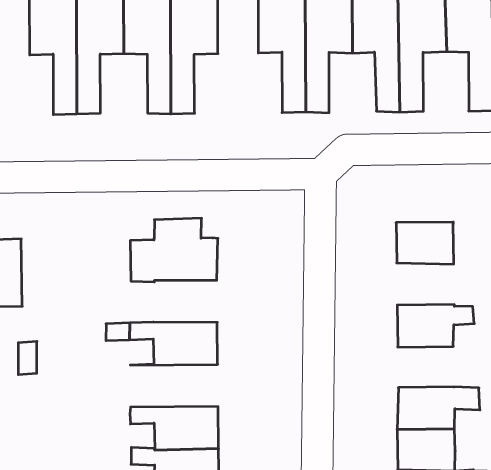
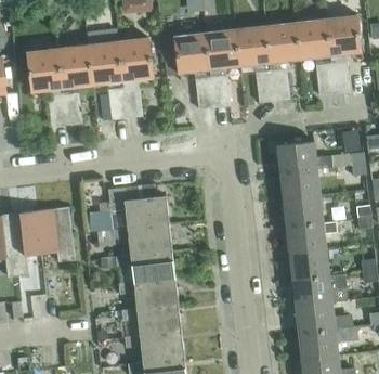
building: none -> [277,141,331,172]
building: none -> [39,206,74,261]
building: none -> [283,195,323,225]
building: none -> [96,222,171,254]
building: none -> [289,248,328,279]
building: none -> [118,276,178,310]

